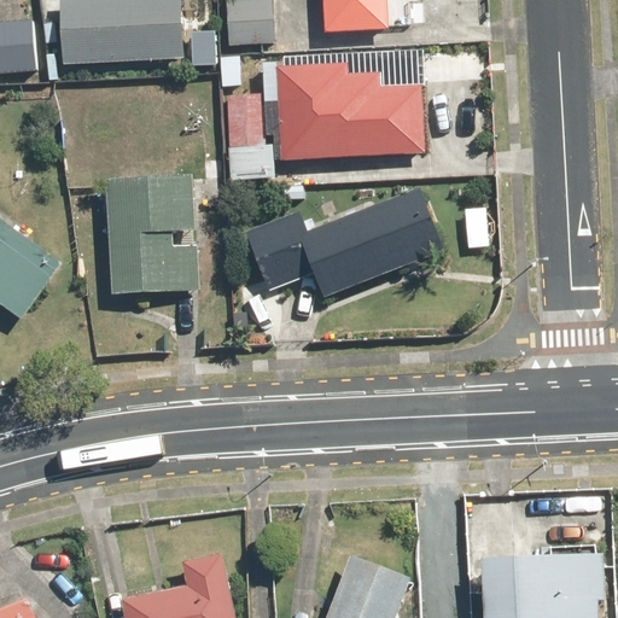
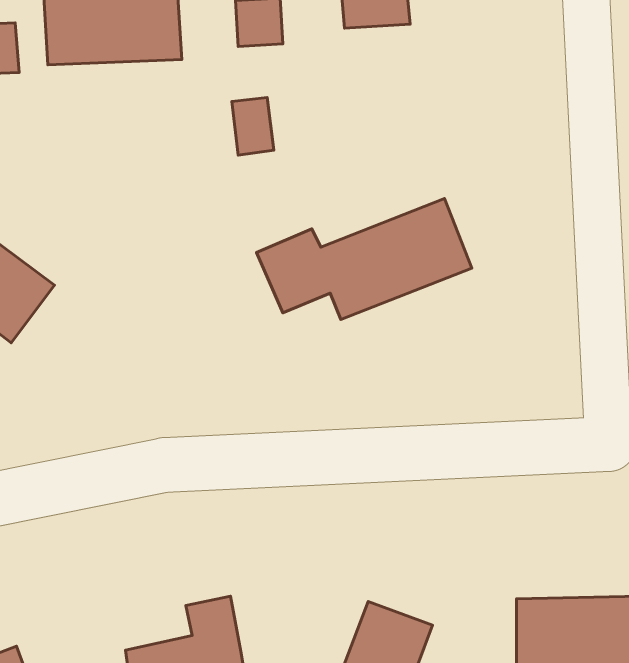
building: [275,65,424,161] -> none
building: [106,176,196,295] -> none

